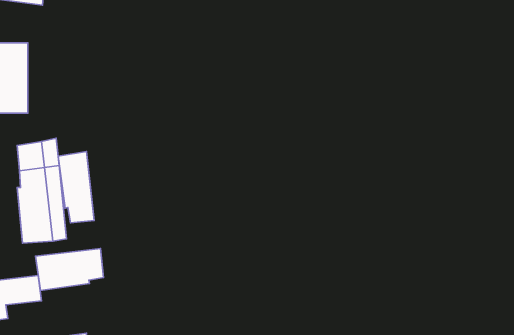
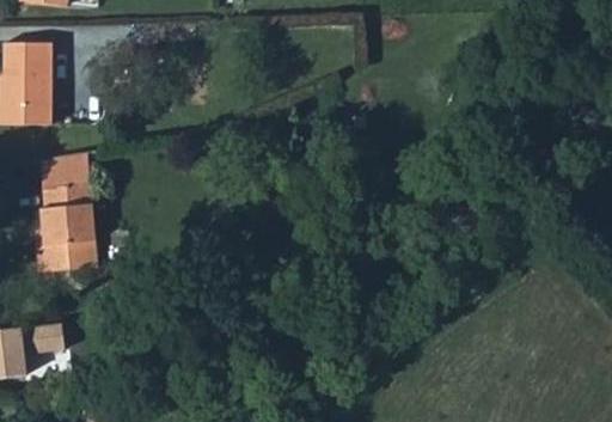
building: [58,152,94,223] -> none
building: [35,249,103,290] -> none

